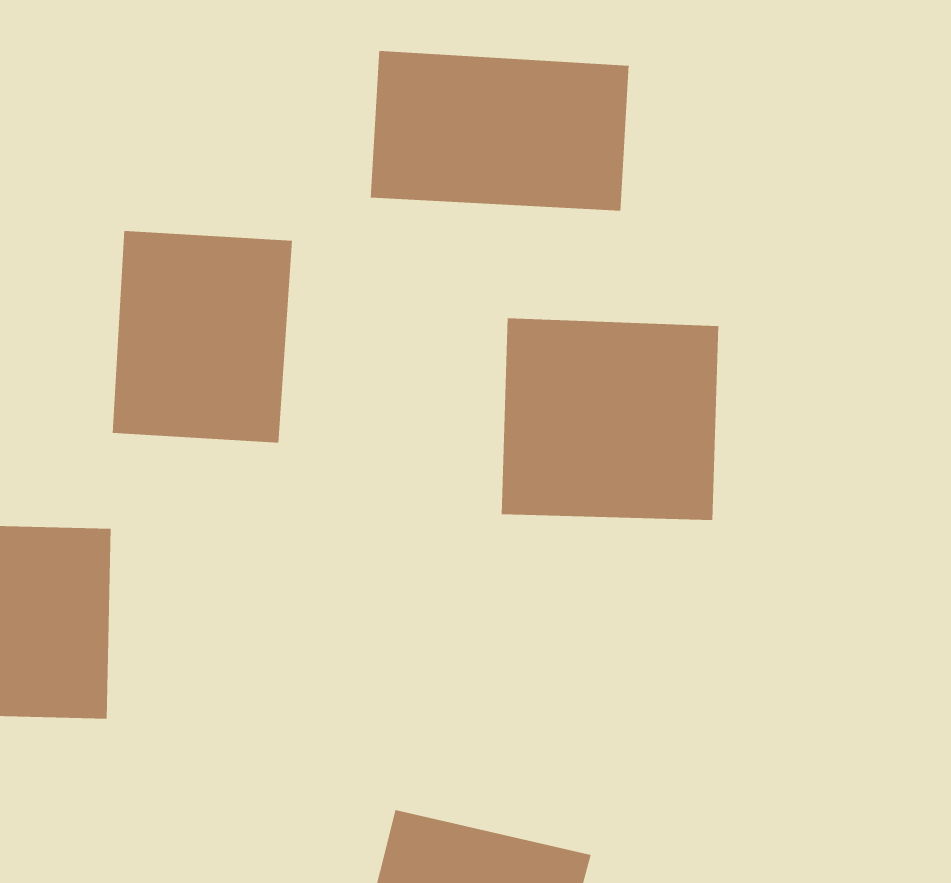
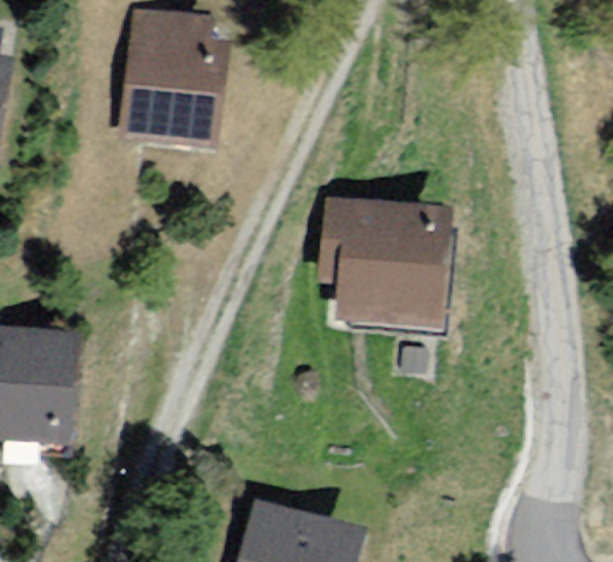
building: [370,50,629,212] -> none
building: [112,231,293,443] -> [114,11,225,140]

